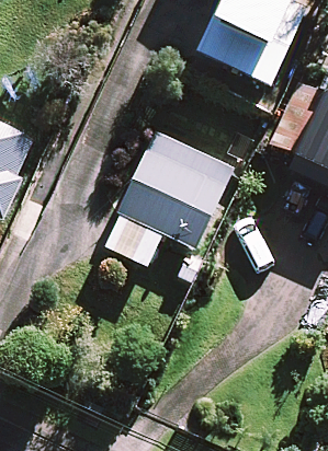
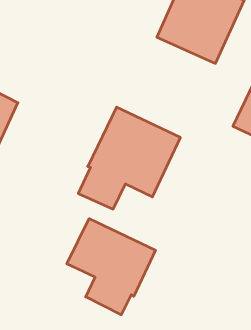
building: none -> [67,219,155,315]

